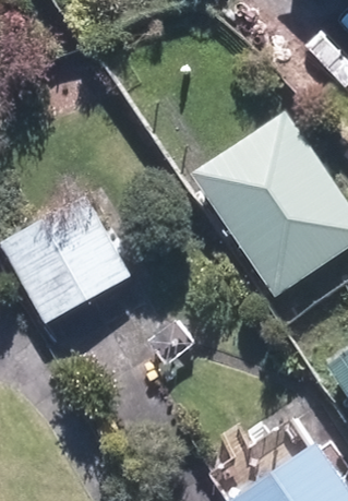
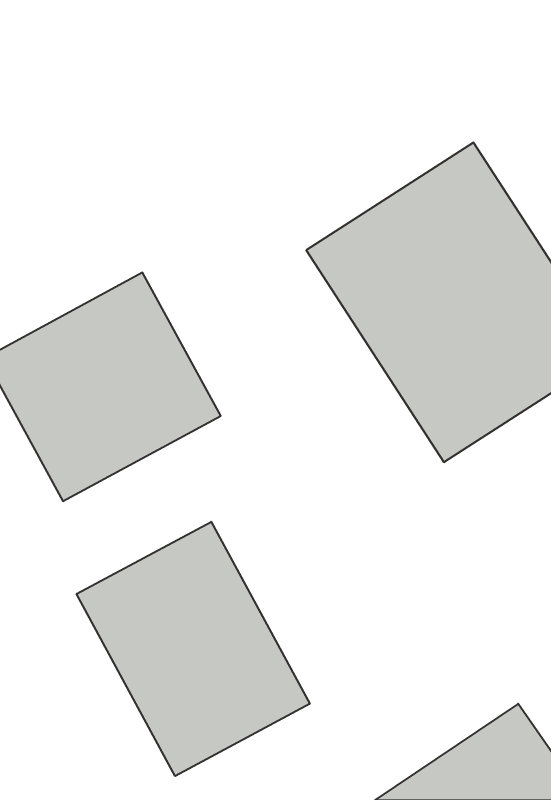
building: none -> [77,522,310,776]

